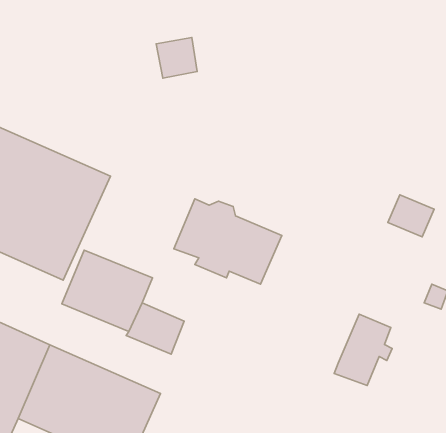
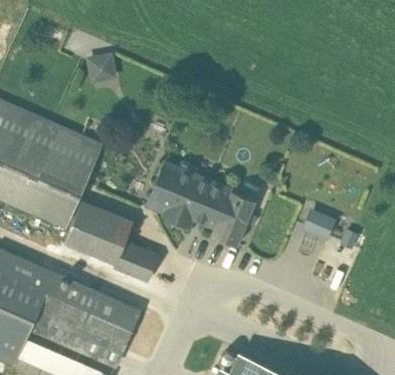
building: [156,37,197,78] -> [88,51,120,82]
building: [388,195,434,237] -> [304,209,339,241]
building: [334,314,392,385] -> [213,193,257,247]

